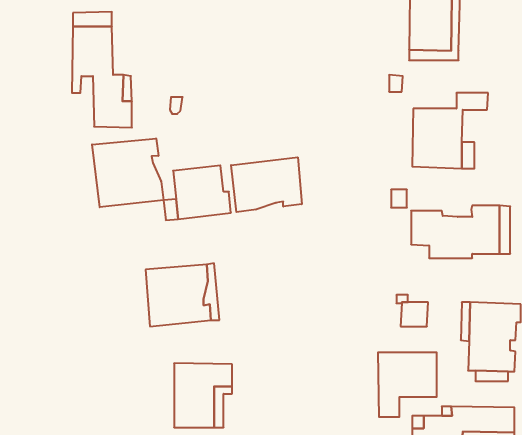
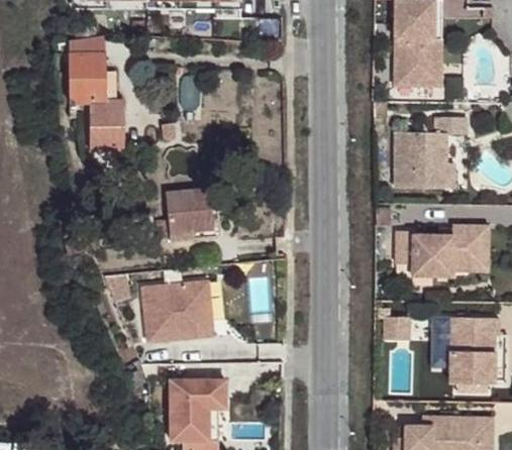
building: [92,138,164,207] -> none
building: [231,157,302,212] -> none
building: [378,352,437,417] -> none

